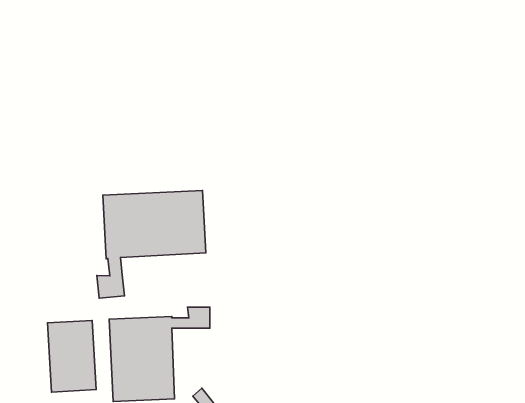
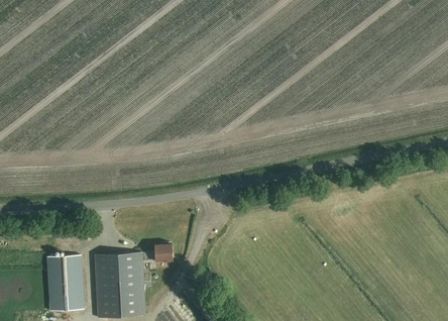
building: [97,190,206,298] -> none

